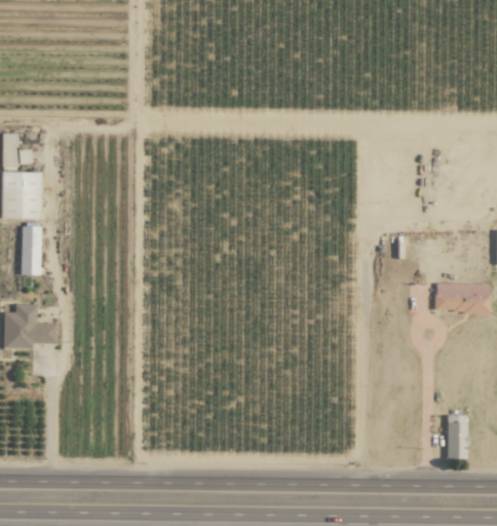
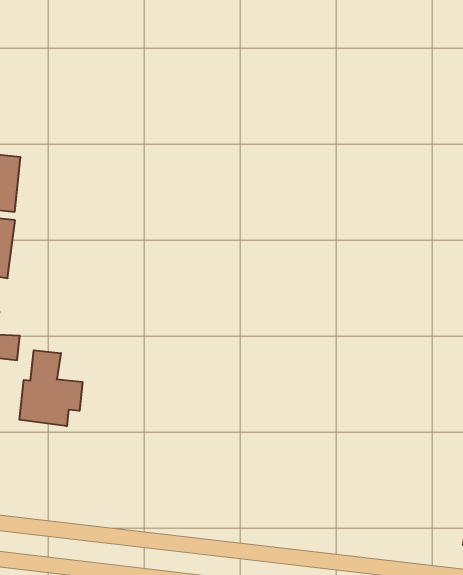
building: none -> [19,350,82,426]

